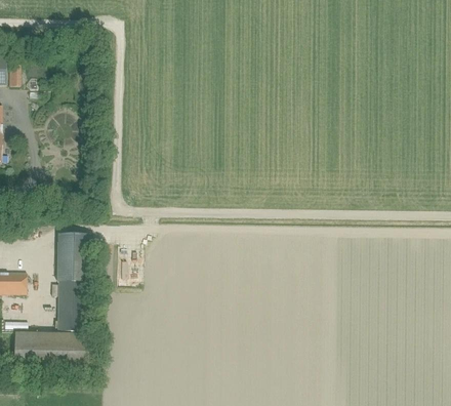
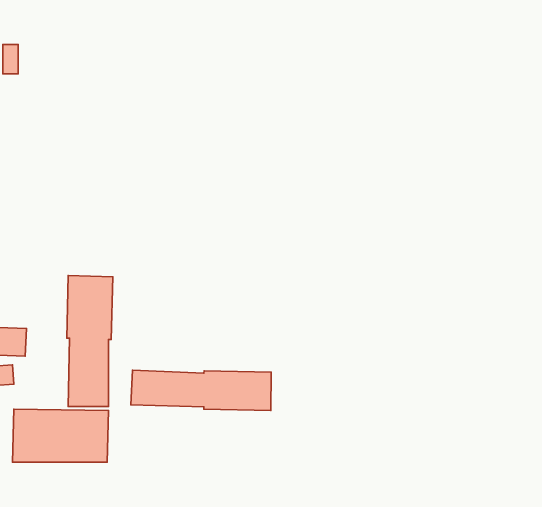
building: none -> [131,370,271,411]

